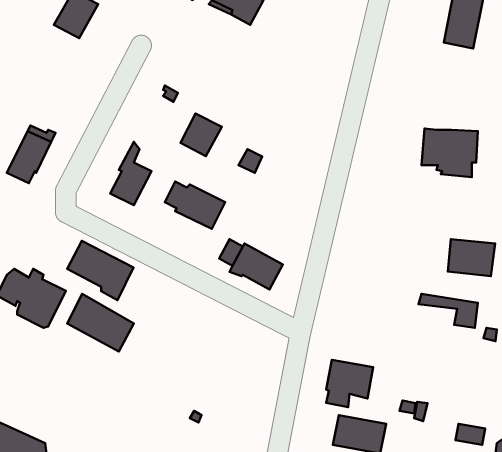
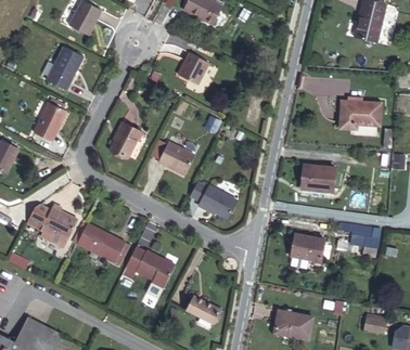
building: none -> [46,46,82,89]
building: [181,113,222,156] -> [178,52,208,83]
building: [448,239,495,276] -> [300,164,335,191]
building: [67,241,134,300] -> [125,245,174,288]
building: [326,360,373,407] -> [290,233,324,268]
building: none -> [185,295,220,323]

